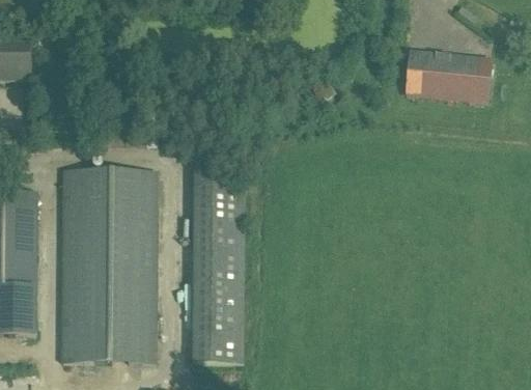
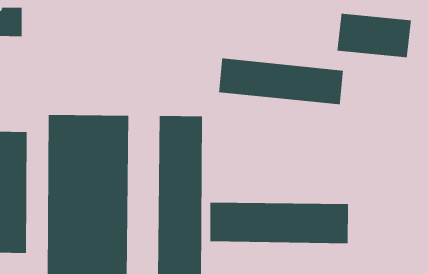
building: none -> [218,58,344,105]
building: none -> [209,202,349,244]

